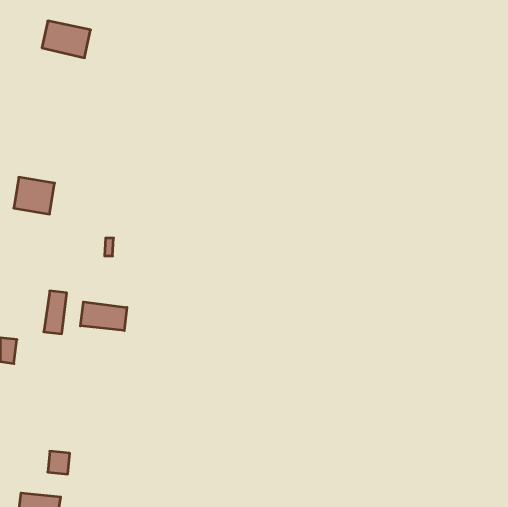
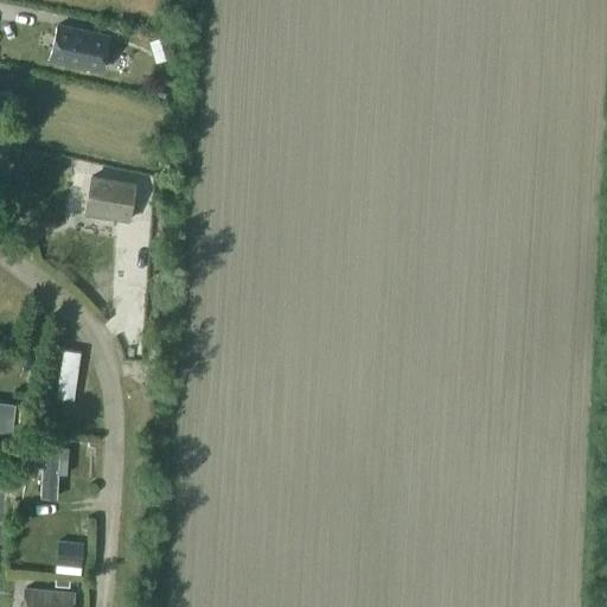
building: [14,177,55,214] -> [87,178,135,222]
building: [80,302,127,331] -> none
building: none -> [38,445,70,497]

